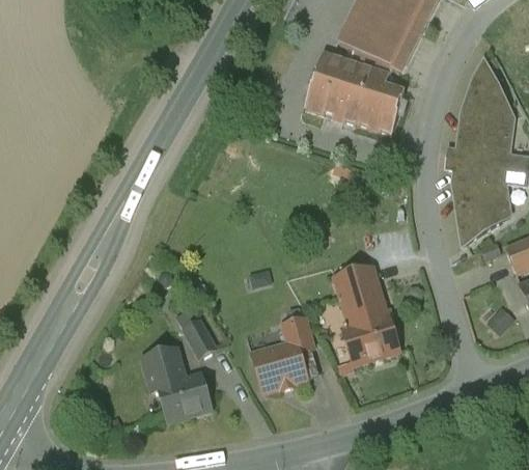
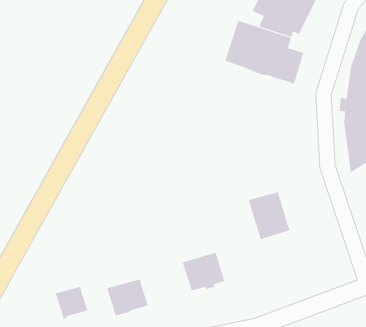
building: [341,314,399,364] -> none
building: [281,316,314,351] -> none
building: [183,319,216,357] -> none
building: [143,349,185,389] -> [55,286,88,319]

